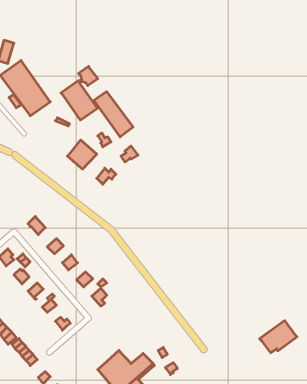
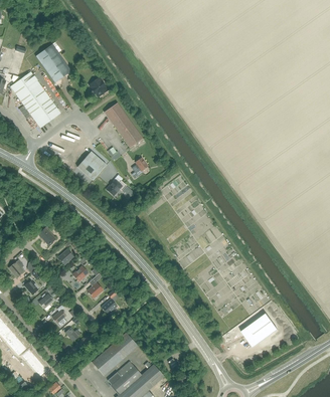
building: [61,81,97,120] -> [35,43,71,82]
building: [260,321,297,353] -> [240,313,278,345]
building: none -> [92,332,138,375]

